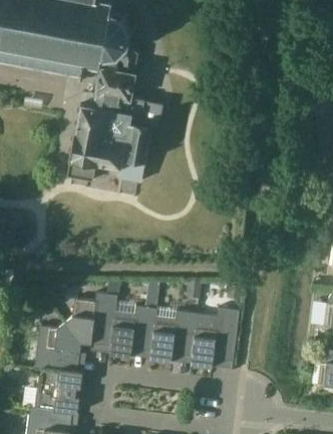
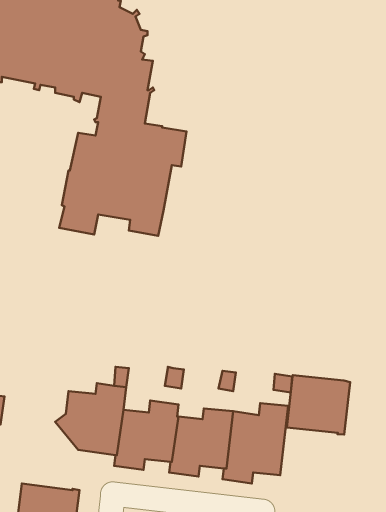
building: none -> [287,375,350,434]
building: [34,323,81,374] -> none

